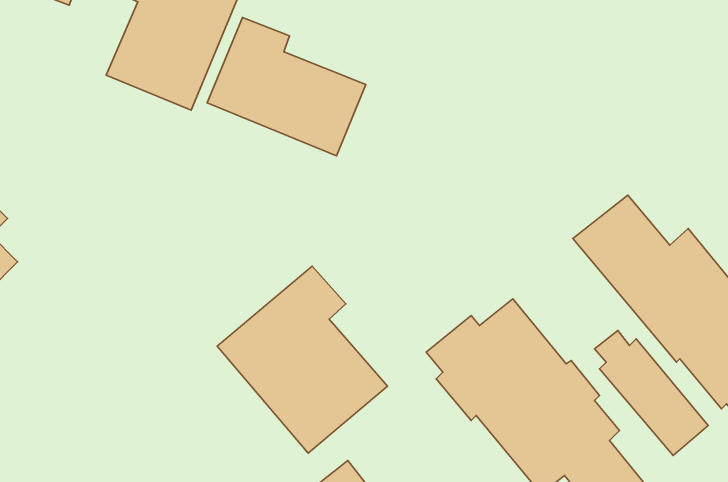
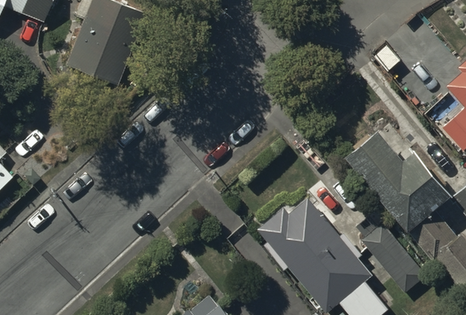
building: [207,18,366,156] -> none
building: [217,266,388,453] -> none

